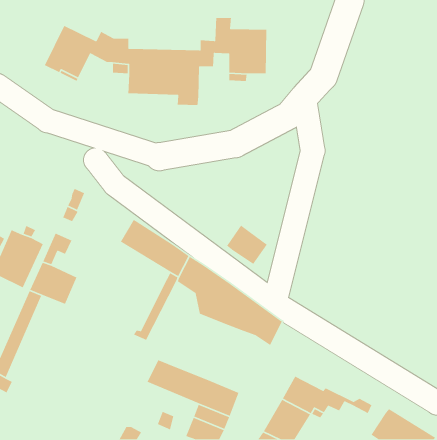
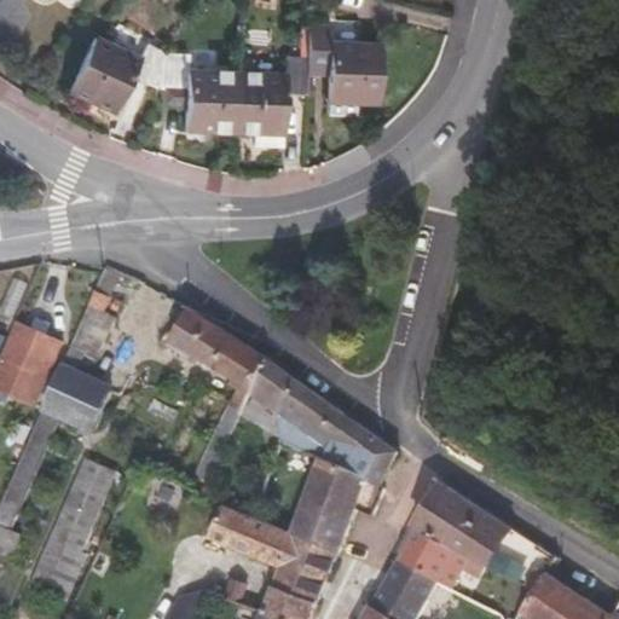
building: [226,224,268,265] -> none
building: none -> [290,457,384,551]
building: none -> [25,458,115,606]
building: none -> [413,482,534,568]

